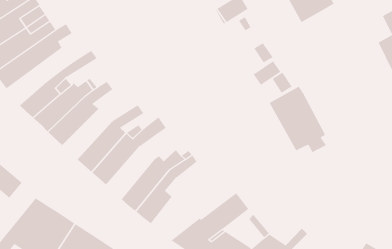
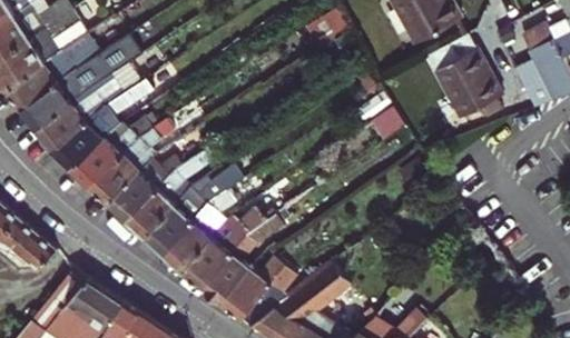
building: none -> [35,74,124,151]
building: [269,86,327,153] -> [426,33,501,120]
building: none -> [107,156,180,221]
building: none -> [164,190,235,272]
building: none -> [222,257,295,326]

